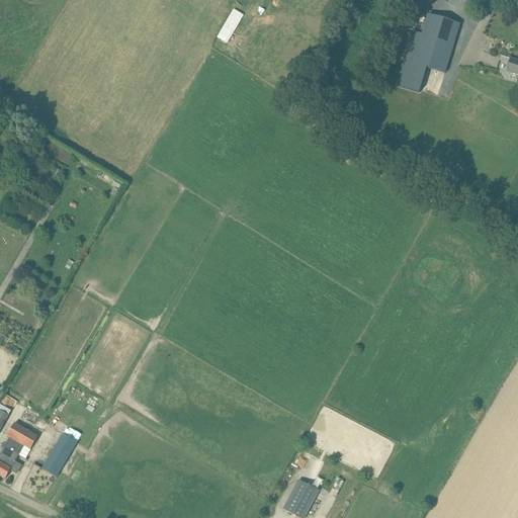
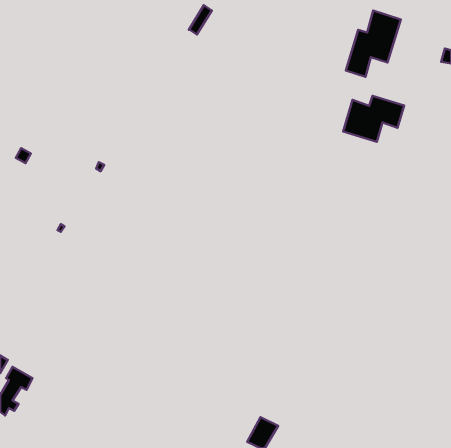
building: none -> [343,96,404,142]
building: [42,432,77,474] -> none

